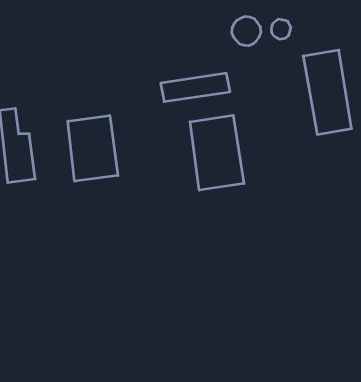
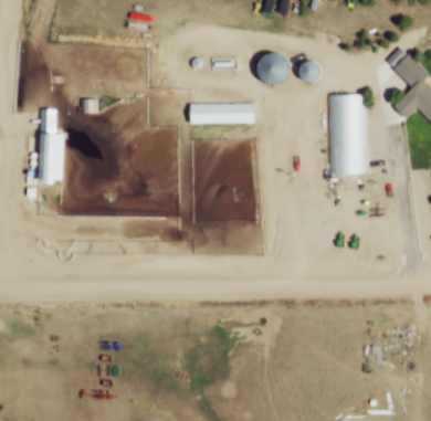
building: [190,115,244,190] -> none
building: [68,115,118,181] -> none

